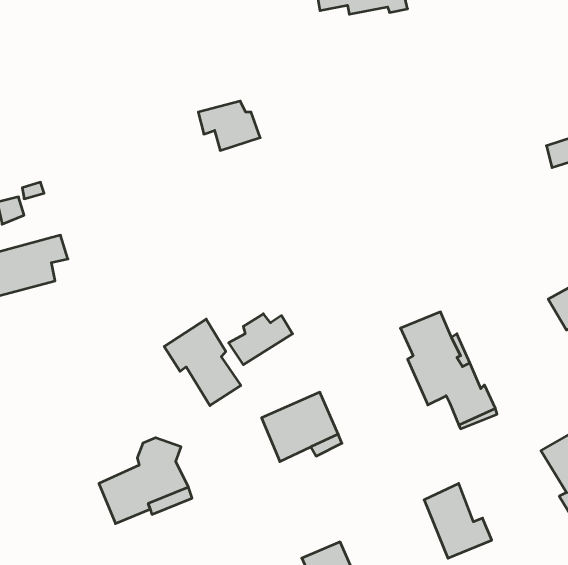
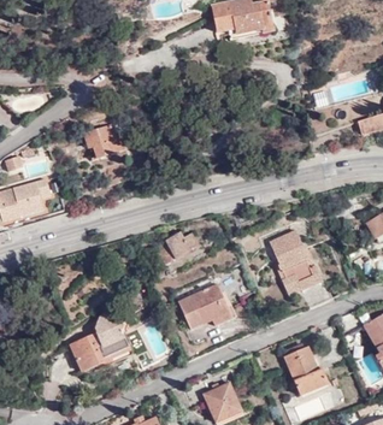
building: [198,101,260,150] -> [83,125,124,158]
building: [164,319,241,406] -> none

